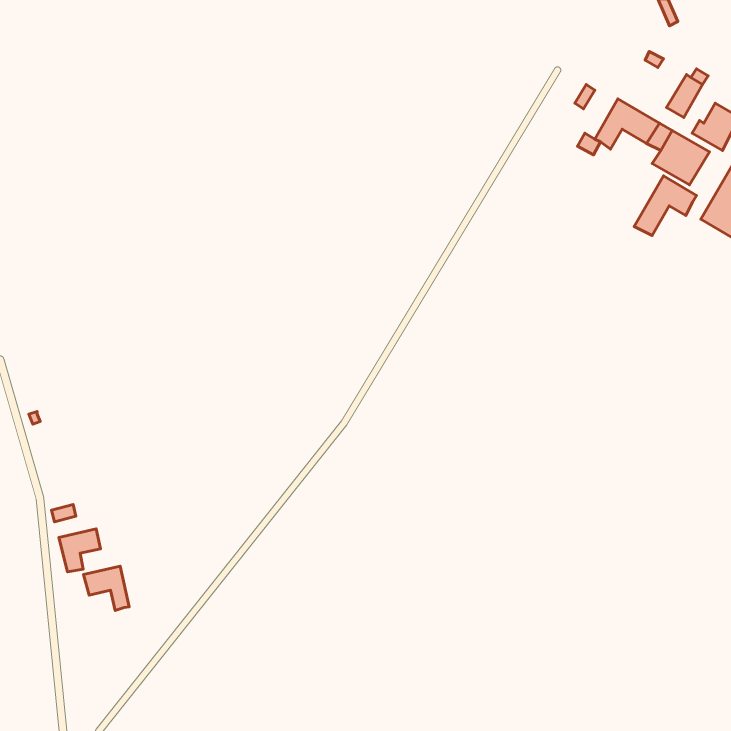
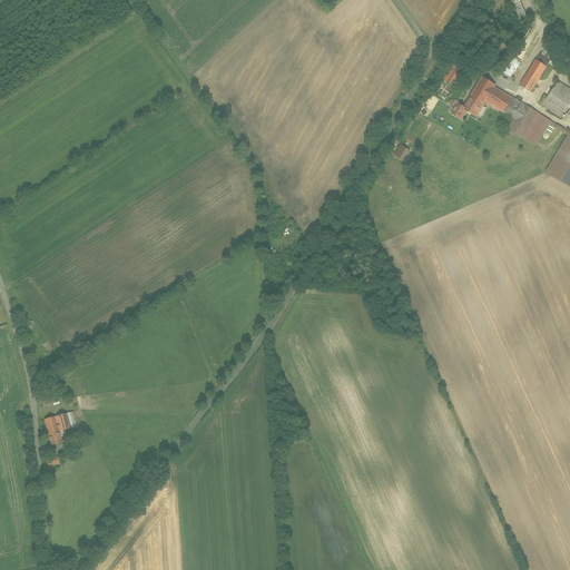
building: [634,176,697,235] -> none
building: [83,566,129,611] -> none

